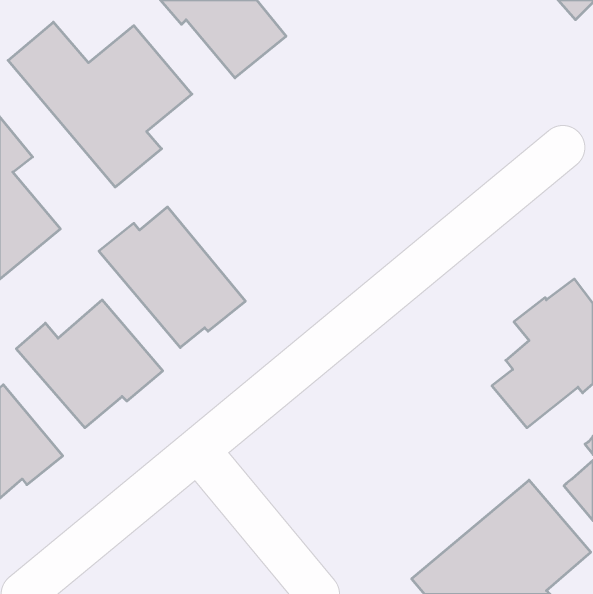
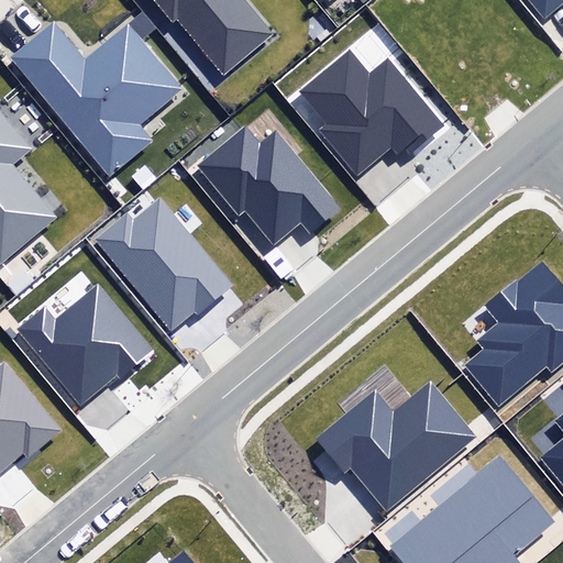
building: none -> [299,49,444,176]
building: none -> [197,128,339,244]
building: none -> [313,378,476,508]

